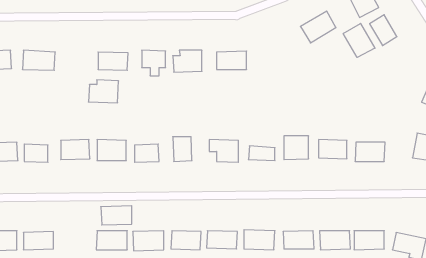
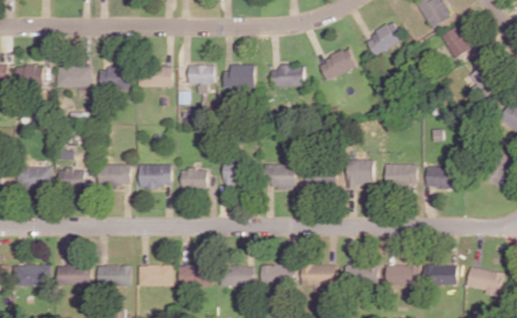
building: [343,23,375,57] -> none
building: none -> [318,48,356,79]
building: [88,80,119,103] -> [99,65,132,90]
building: [101,206,132,225] -> [96,264,130,286]

